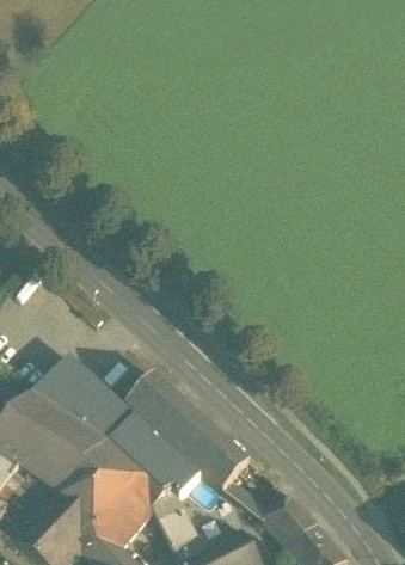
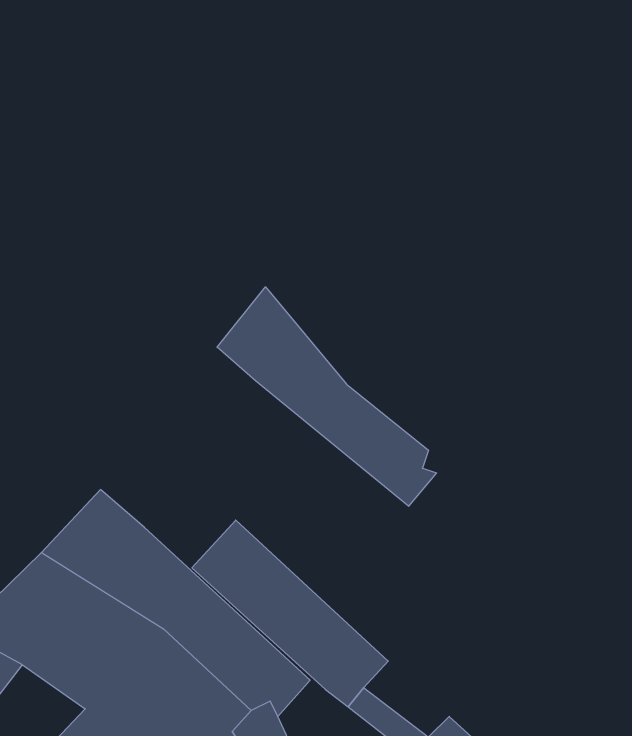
building: none -> [217,287,437,506]

